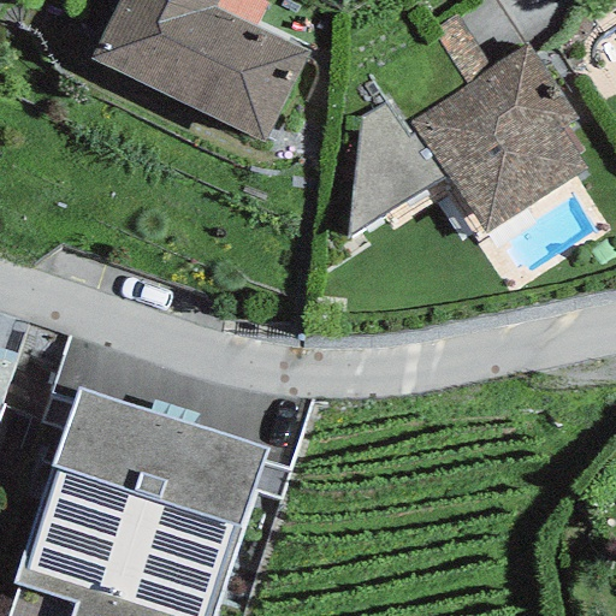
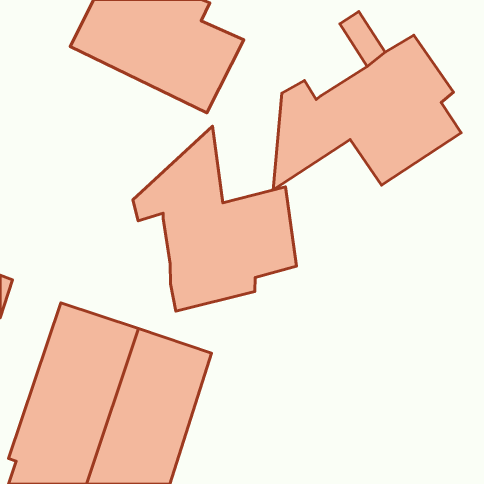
building: none -> [133,126,296,311]

